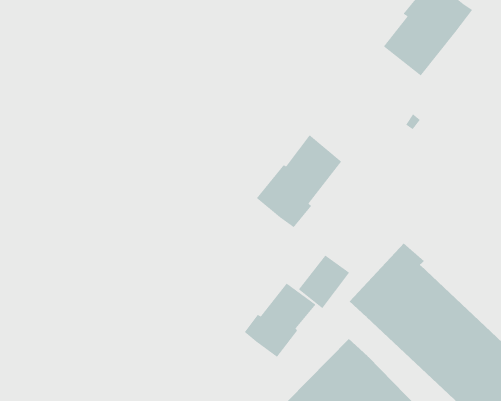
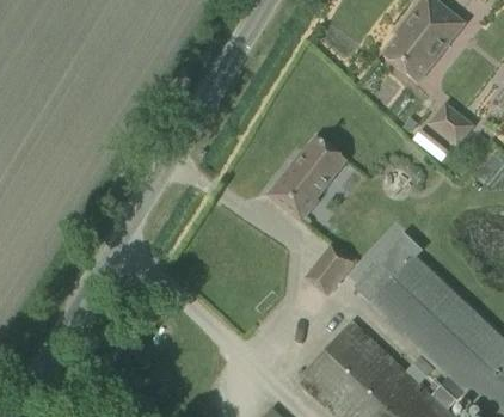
building: none -> [428,100,474,145]
building: [244,283,316,358] -> none

